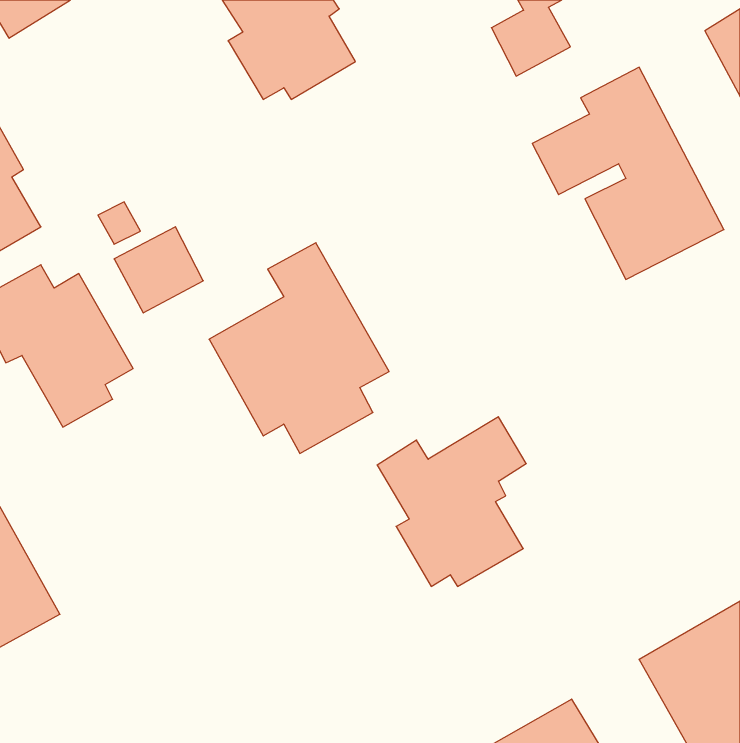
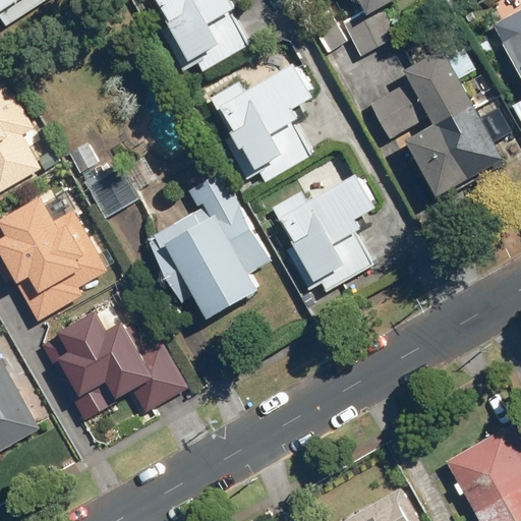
building: none -> [210,63,313,181]
building: [377,417,526,586] -> [273,174,377,292]
building: none -> [48,308,181,401]

